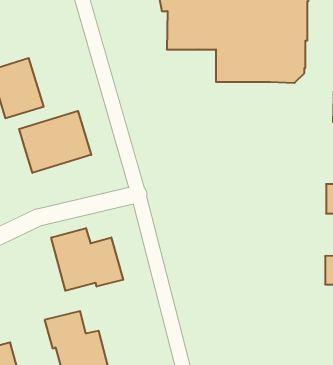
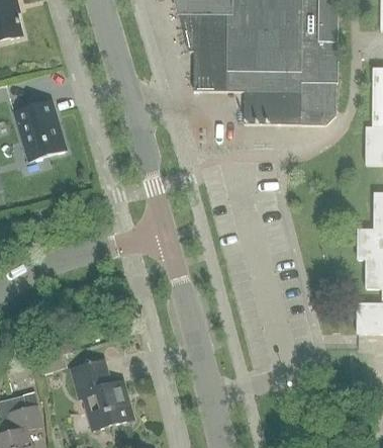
building: [19,111,91,173] -> none
building: [51,228,123,291] -> none

